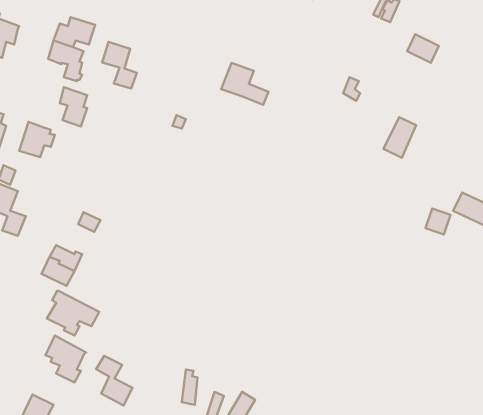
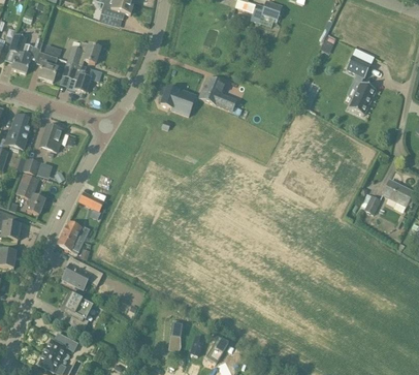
building: [102,42,137,89] -> none
building: none -> [160,85,196,115]
building: [60,87,87,127] -> [36,50,58,81]
building: [384,117,416,158] -> [349,82,375,114]
building: [96,356,132,406] -> none

